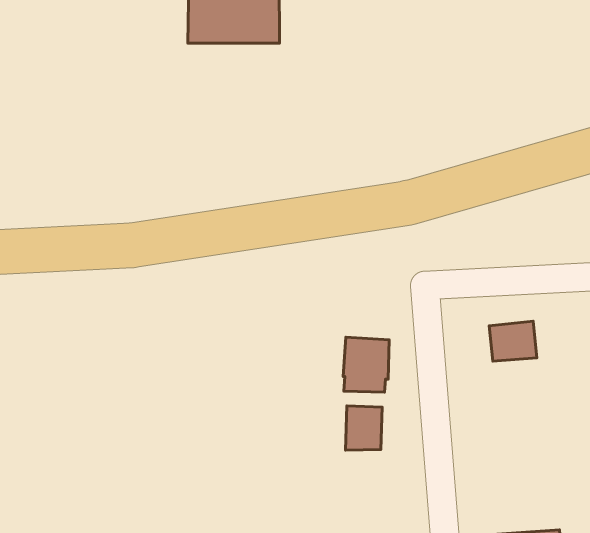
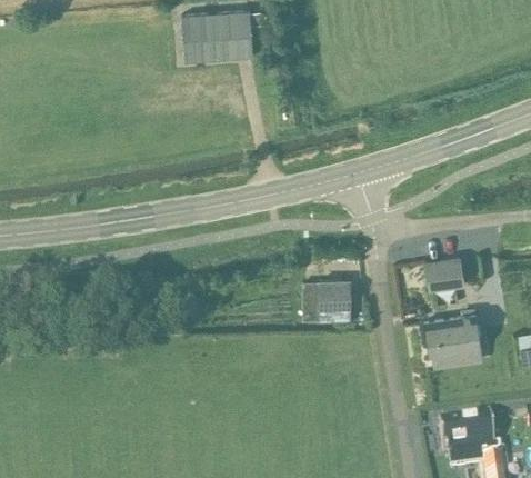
building: none -> [425,320,481,368]
building: [346,406,382,450] -> none

